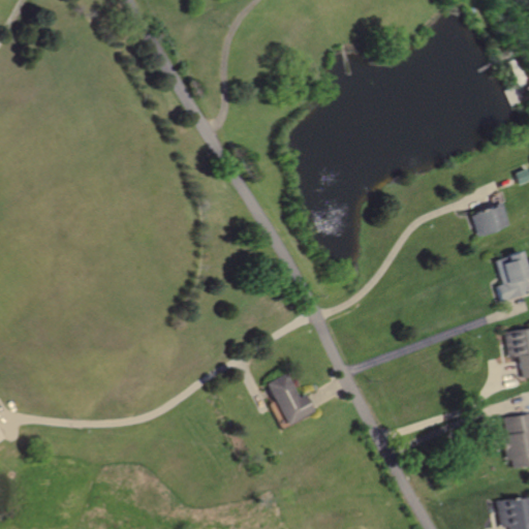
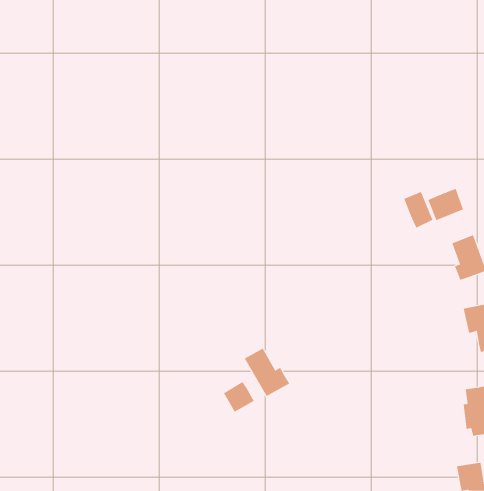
building: none -> [403,191,433,228]
building: none -> [223,381,254,413]

